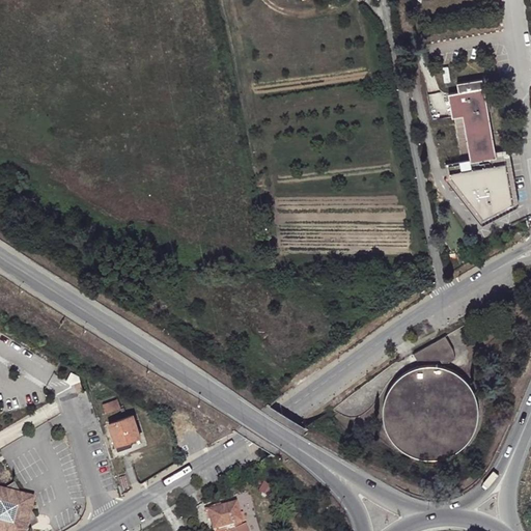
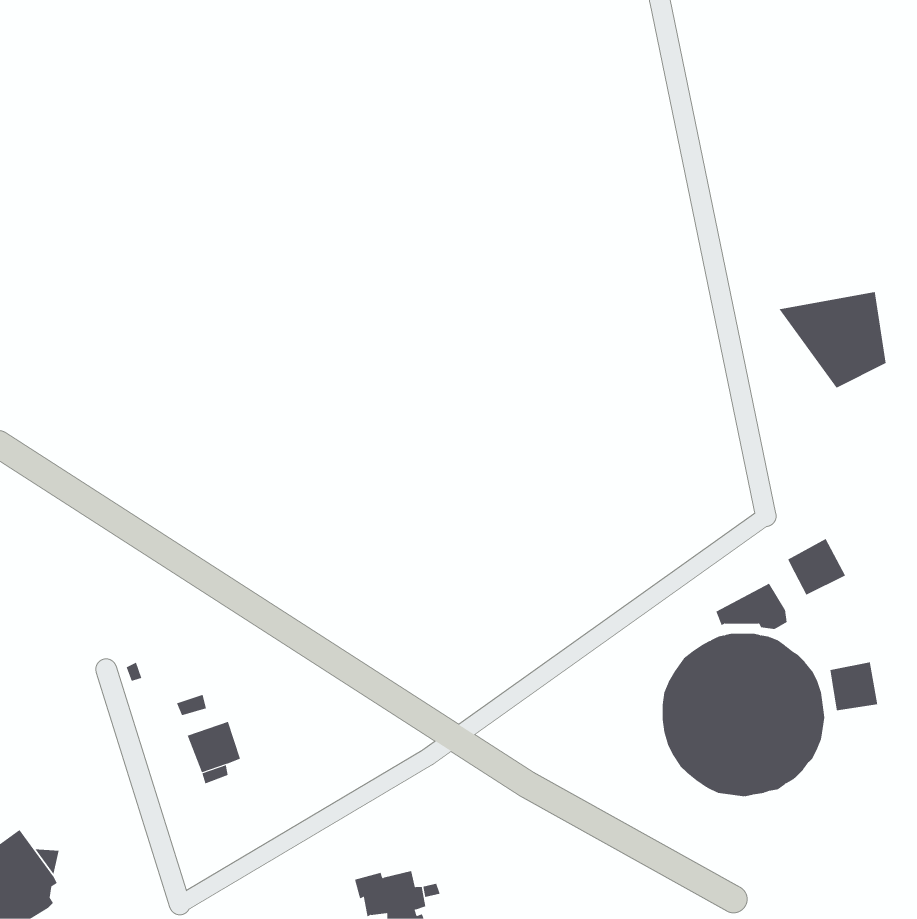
building: [447,89,496,165] -> none
building: none -> [788,538,846,596]
building: none -> [830,661,878,711]

